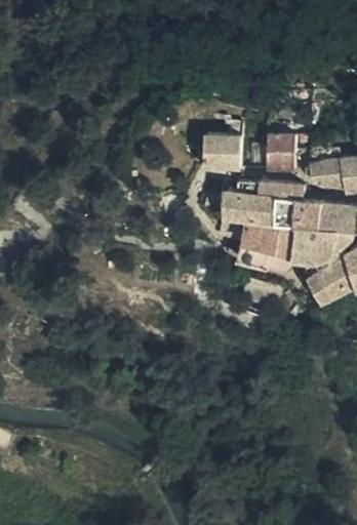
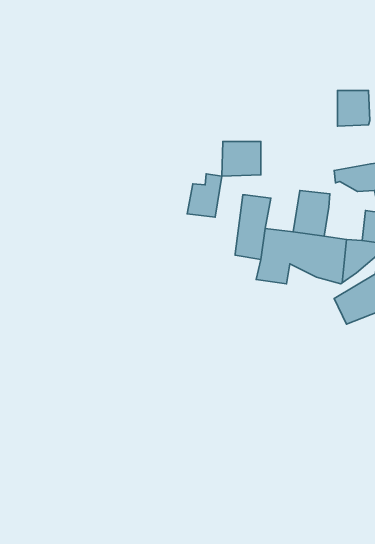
building: [273,136,303,169] -> [337,90,370,126]
building: [250,181,282,221] -> [187,174,222,217]
building: [305,199,343,230] -> none

